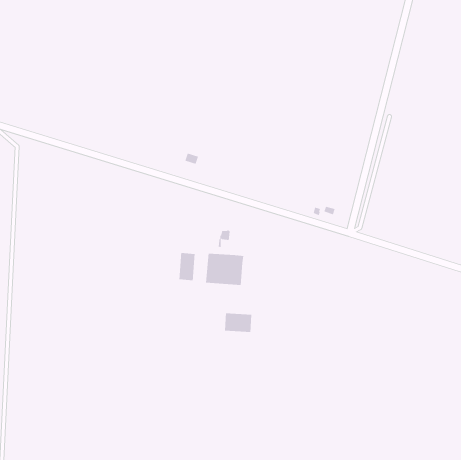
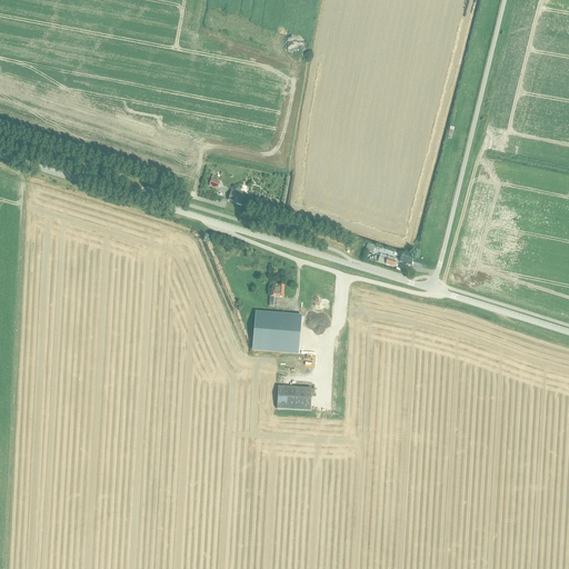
building: [179,252,195,281] -> none

